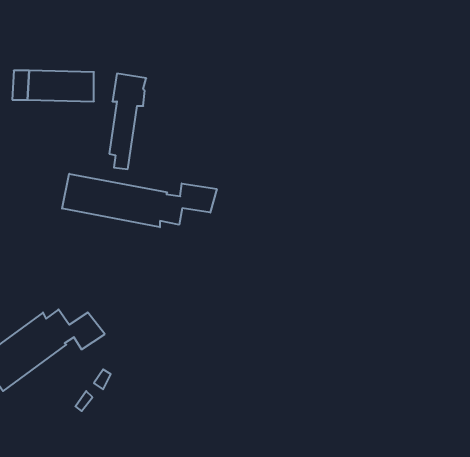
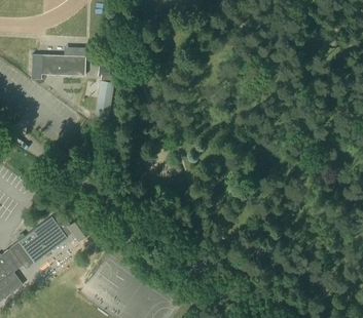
building: [62,174,217,227] -> none

